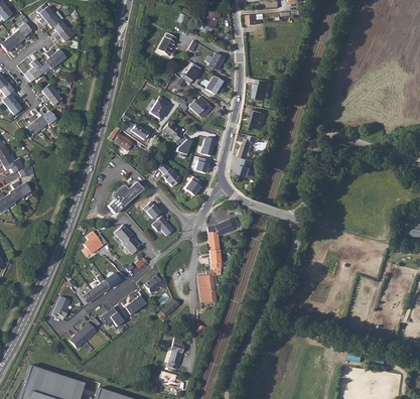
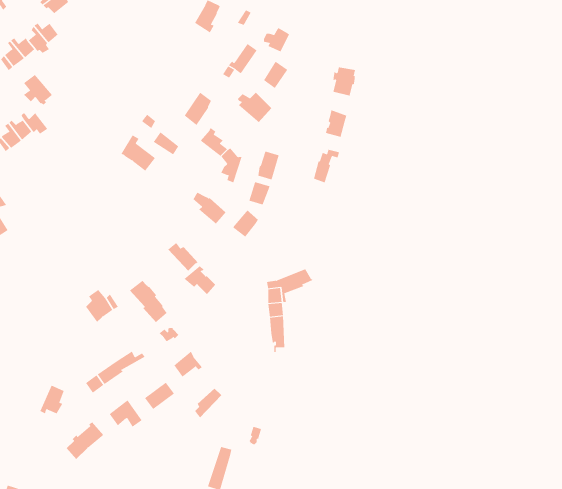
building: [108,180,143,213] -> none
building: [197,269,216,301] -> none

